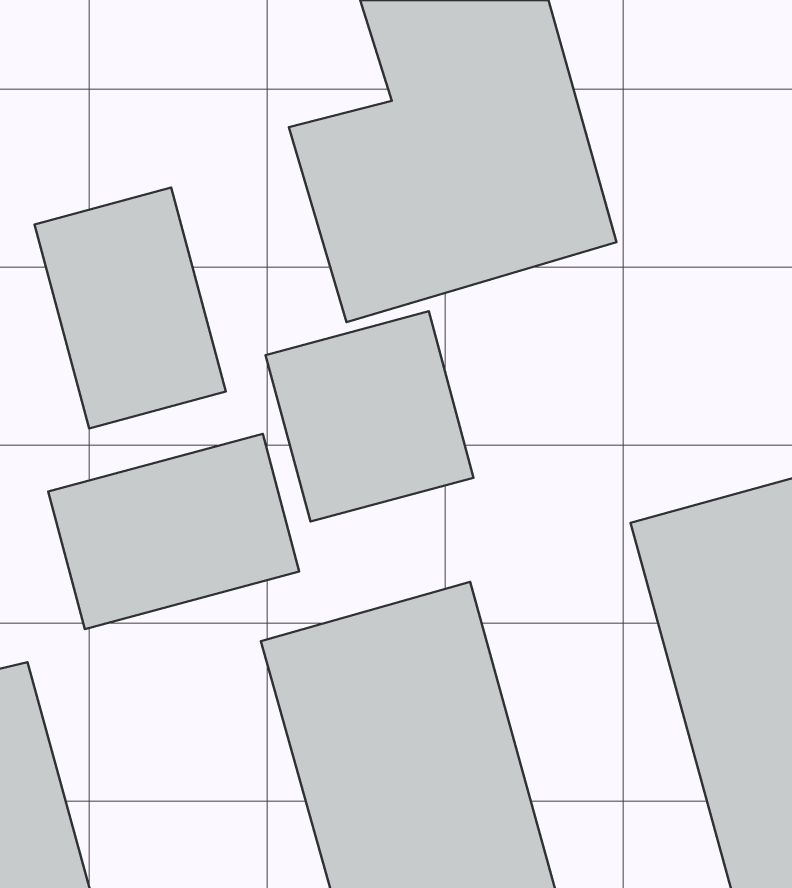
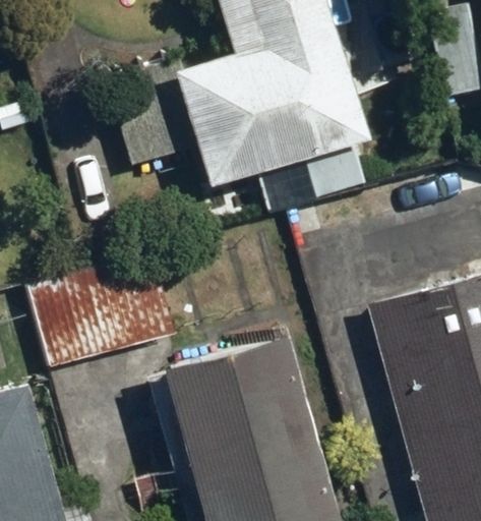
building: [34,188,226,428] -> none
building: [266,311,474,522] -> none

